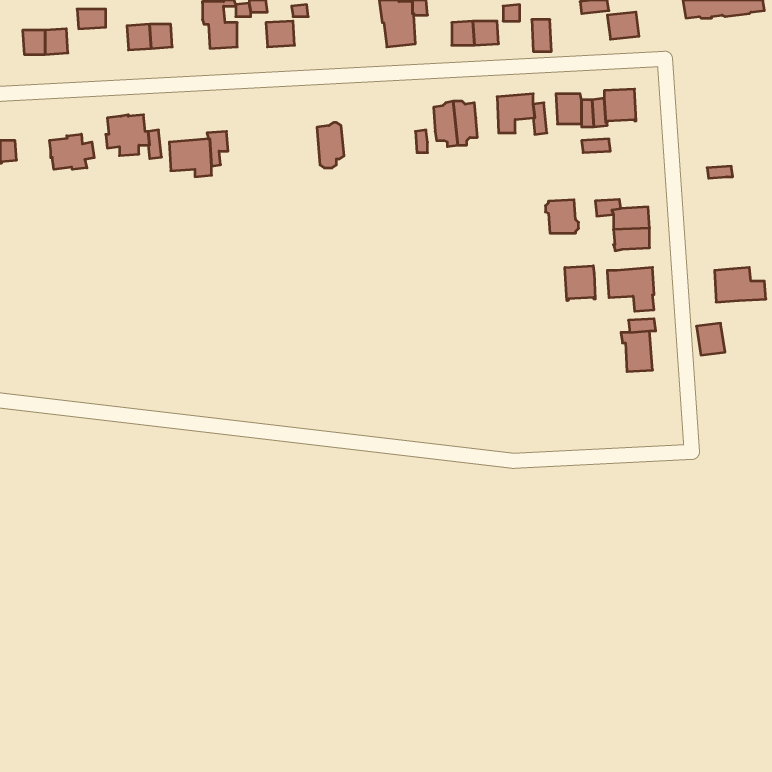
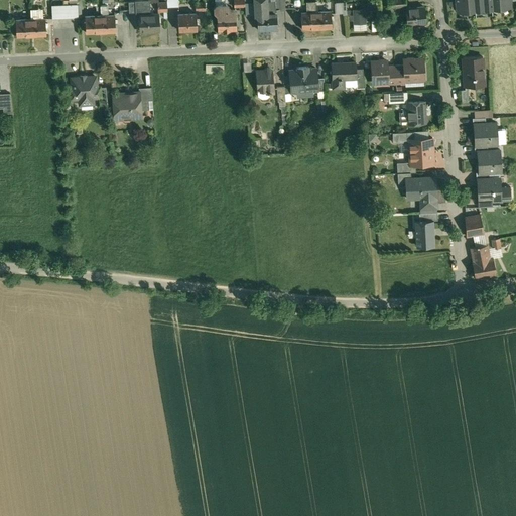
building: none -> [216,7,237,33]
building: none -> [463,57,485,87]
building: [317,123,344,168] -> [256,69,274,99]
building: [50,134,94,169] -> none
building: none -> [473,124,498,146]
building: [545,200,579,233] -> [405,102,427,124]
building: none -> [477,151,502,174]
building: [565,266,595,301] -> none
building: none -> [471,246,496,279]

